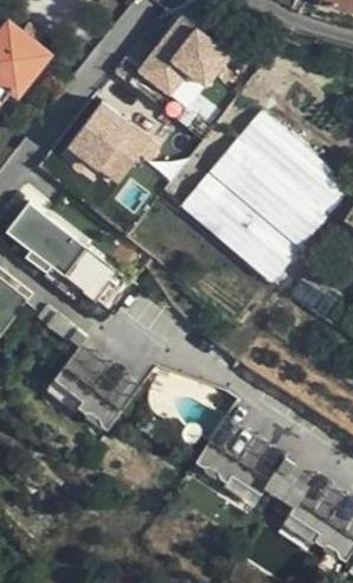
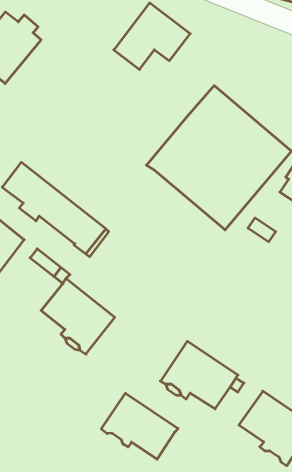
building: [69,103,150,184] -> none
building: none -> [101,393,178,459]

